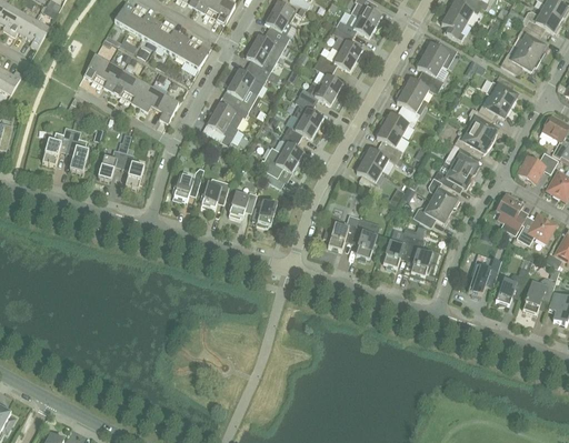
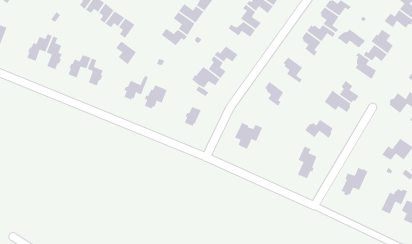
building: [292,94,322,127] -> none
building: [381,110,416,134] -> none
building: [207,112,236,143] -> [115,40,137,65]
building: [453,128,492,152] -> [336,29,366,48]
building: [360,145,400,169] -> none
building: [429,177,459,209] -> none
building: [228,188,257,218] -> none
building: [497,193,525,234] -> none
building: [352,218,376,259] -> none
building: [382,226,416,268] -> none
building: [495,266,529,303] -> none

